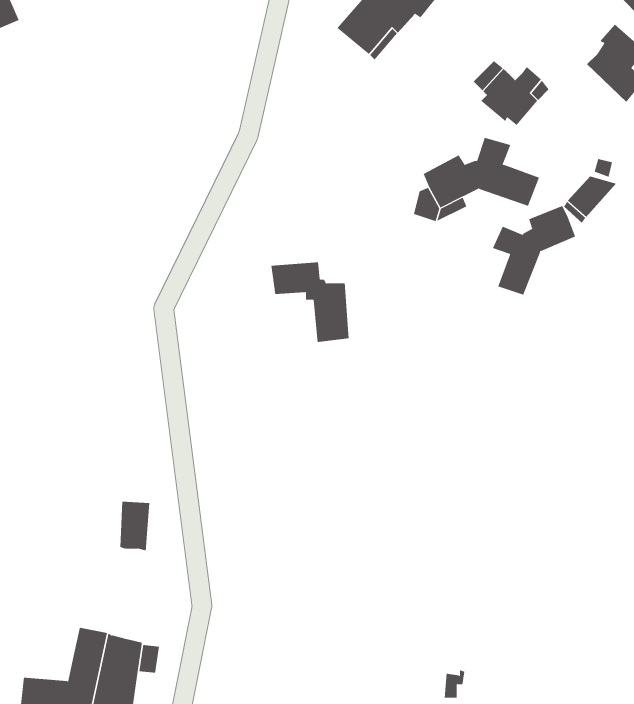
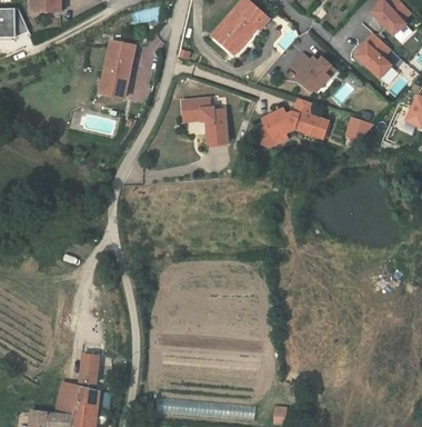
building: none -> [100,40,134,98]
building: [492,205,576,296] -> none
building: [271,262,349,342] -> [181,97,227,143]
building: [119,501,150,551] -> [79,354,97,383]

